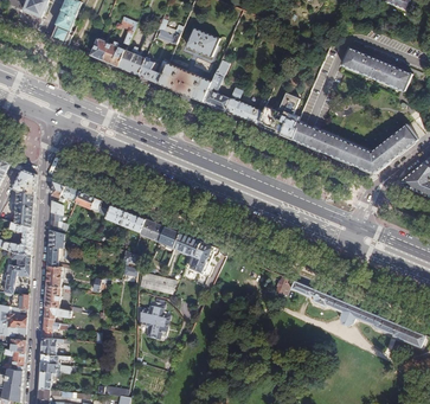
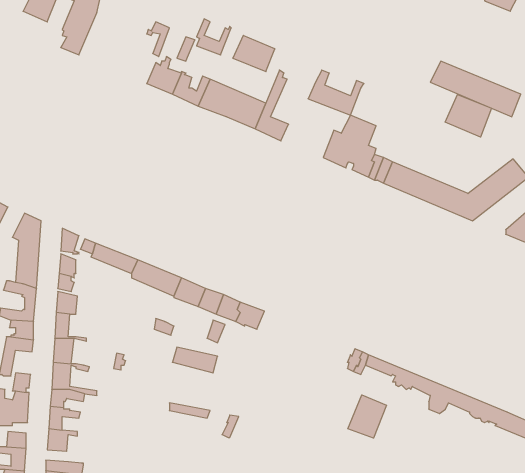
building: [91,37,126,66] -> none
building: none -> [445,94,492,137]
building: [224,89,268,124] -> [308,70,364,115]
building: none -> [348,395,386,438]

